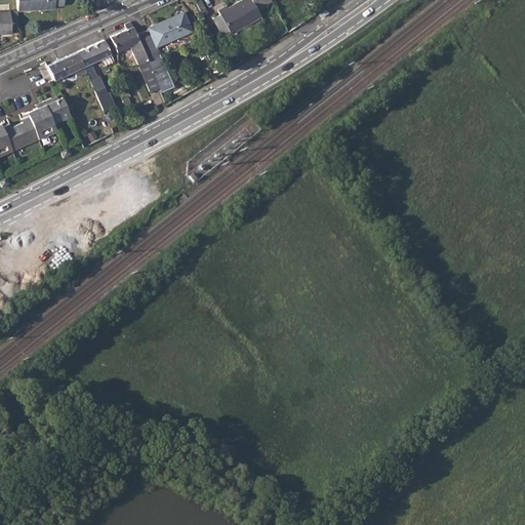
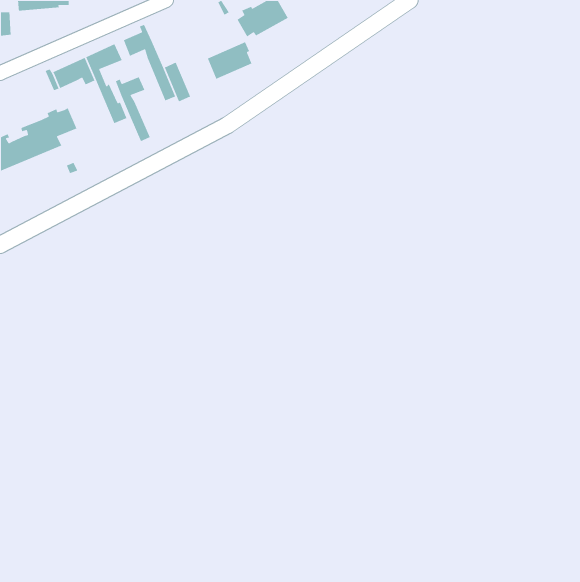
building: [149,11,190,46] -> [207,41,252,80]
building: none -> [115,76,151,142]

